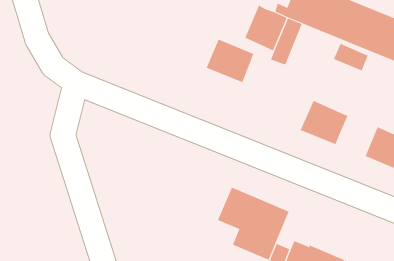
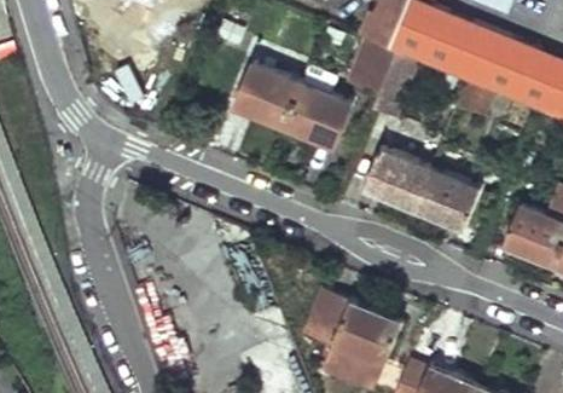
building: none -> [233,63,301,123]
building: none -> [361,148,431,209]

